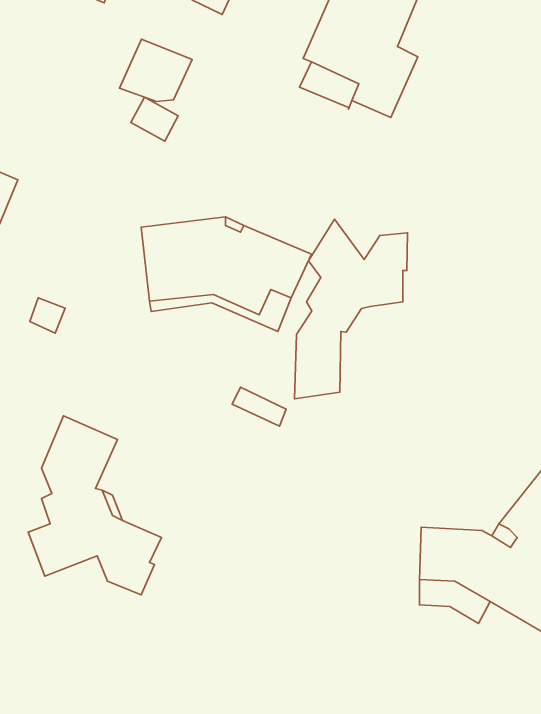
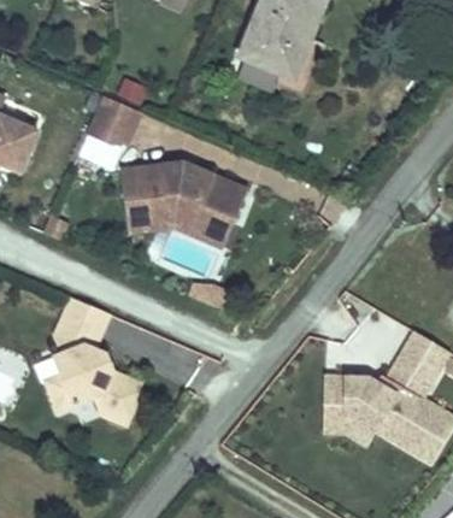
building: [120,39,192,102] -> [87,98,139,142]
building: [295,219,408,399] -> none

